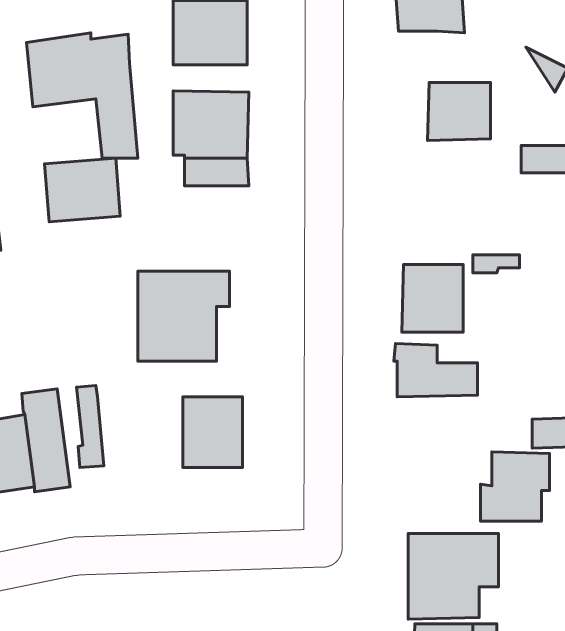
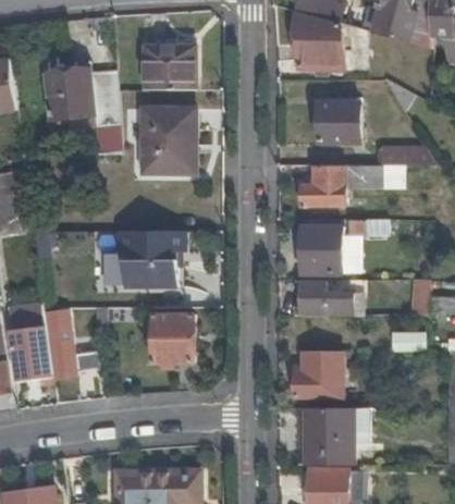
building: [45,158,120,222] -> none
building: none -> [300,164,378,205]
building: [480,452,550,521] -> [294,349,341,396]

